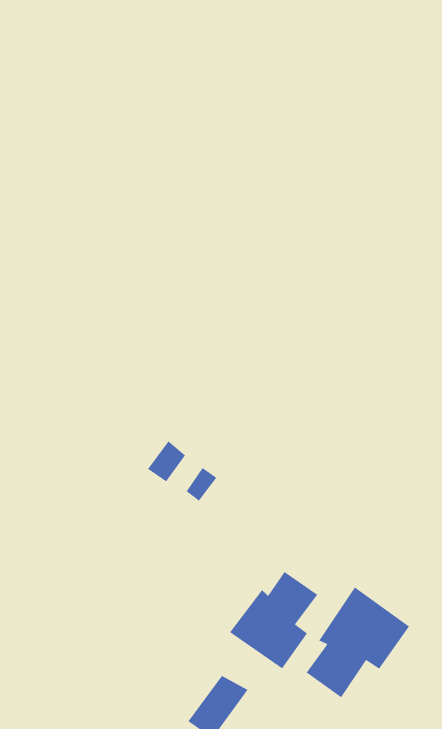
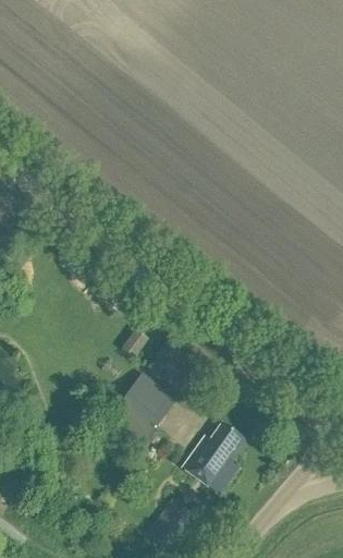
building: none -> [112,371,179,440]
building: [306,586,410,698] -> none

